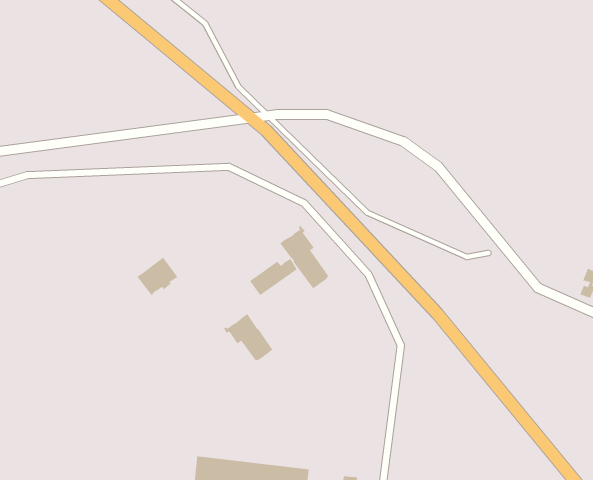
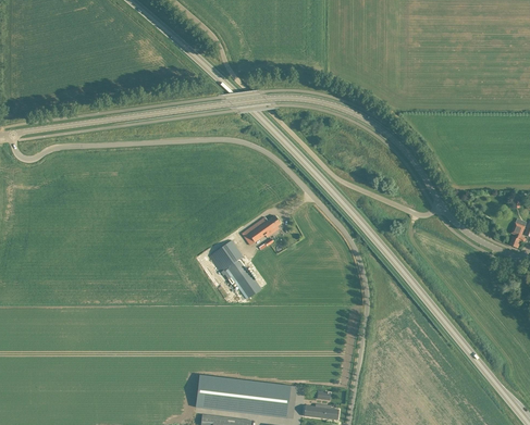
building: [280,225,329,289] -> none
building: [137,257,178,296] -> [209,240,243,272]

